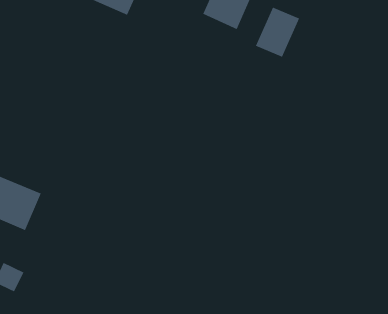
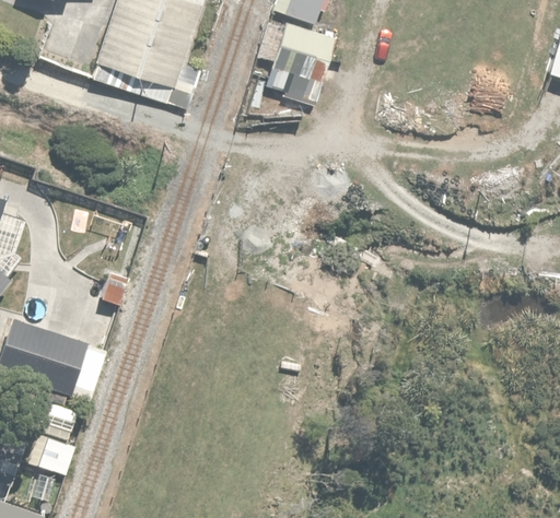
building: [255,6,300,58] -> none

